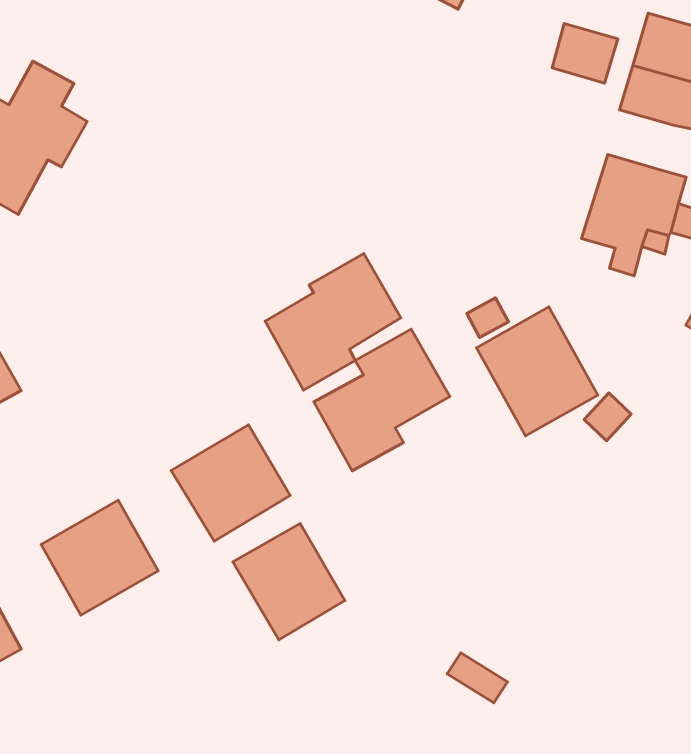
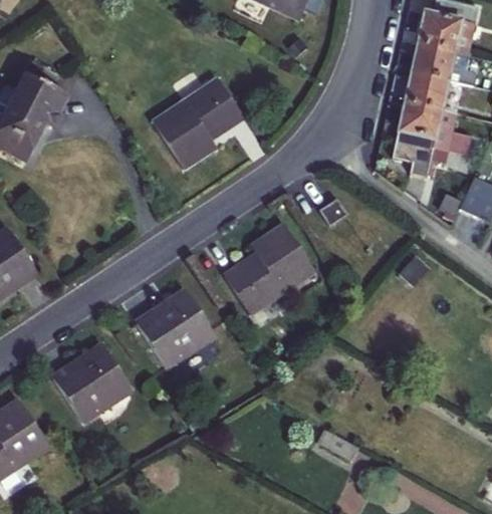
building: [552,23,618,83] -> [405,73,446,110]
building: [265,253,401,390] -> [155,78,242,169]
building: [476,307,598,436] -> none
building: [233,523,345,640] -> none

